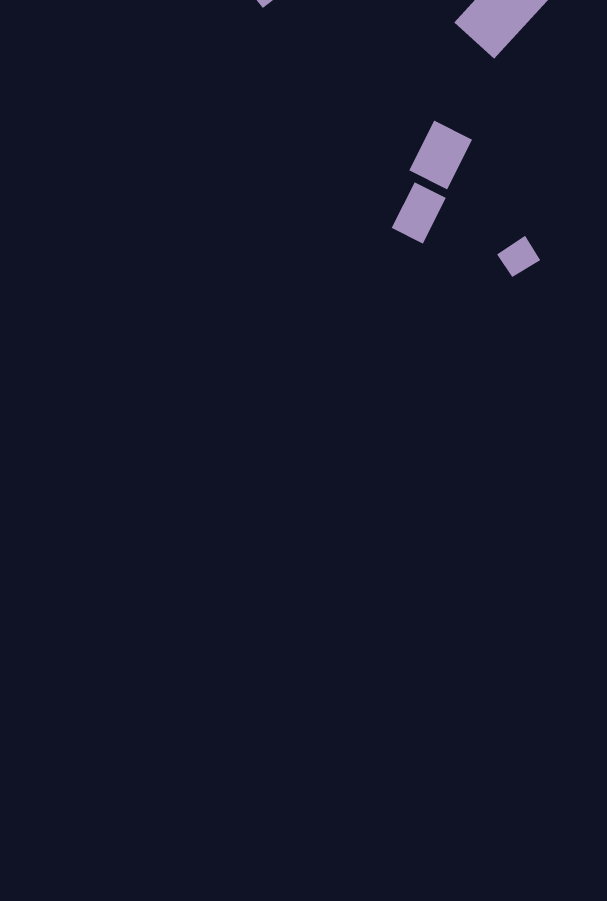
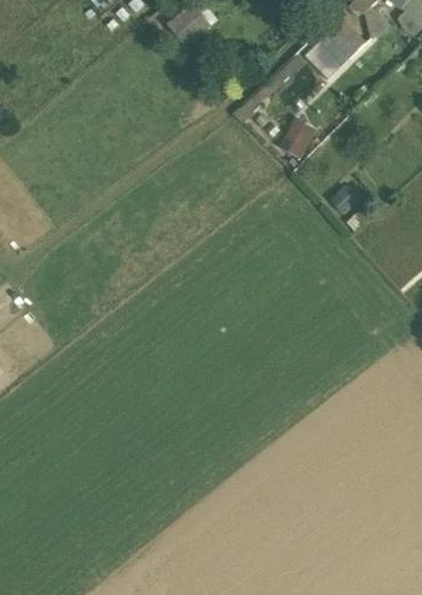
building: [391,181,446,244] -> none

